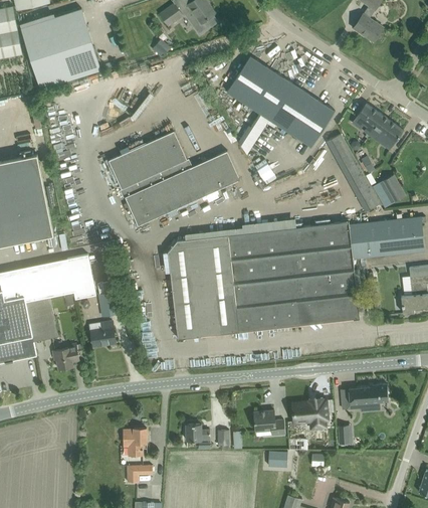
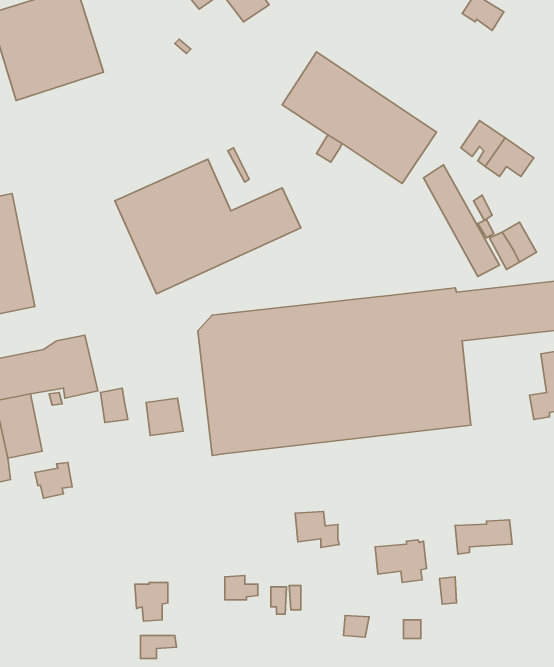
building: [89,320,116,346] -> [146,398,183,435]
building: [253,410,284,436] -> [295,512,339,547]

